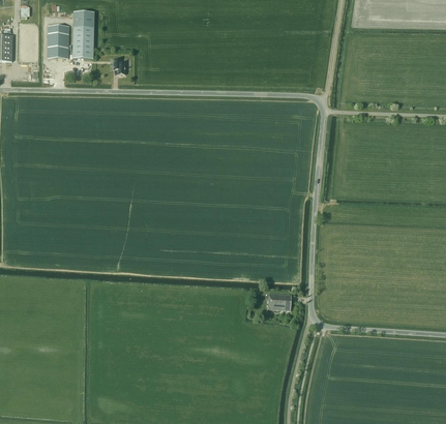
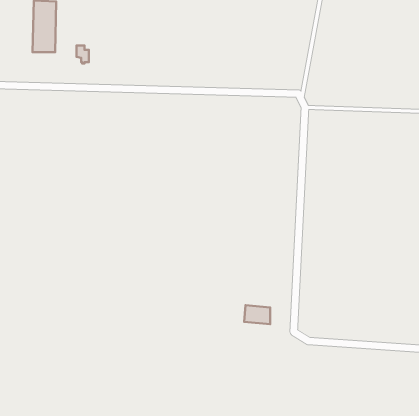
building: [47,25,68,57] -> none

